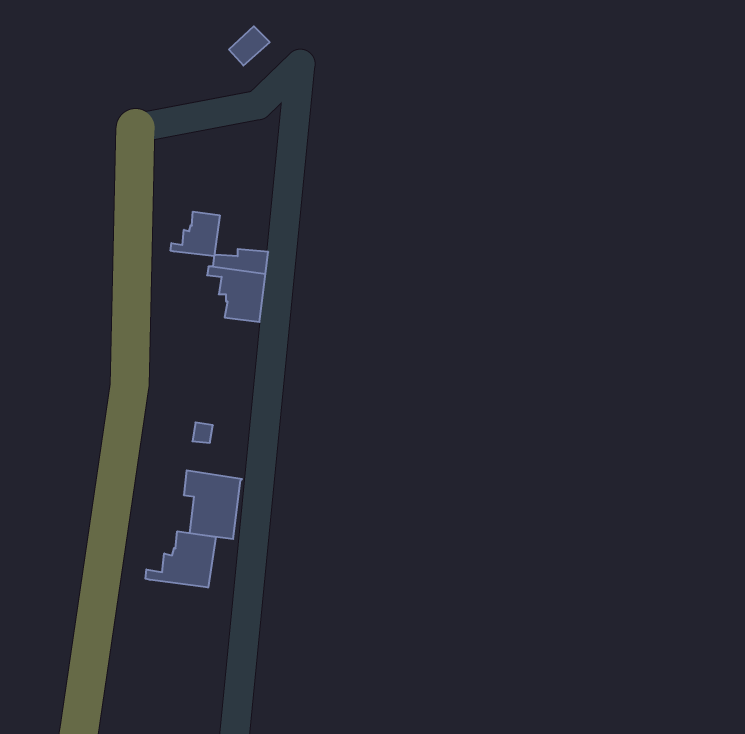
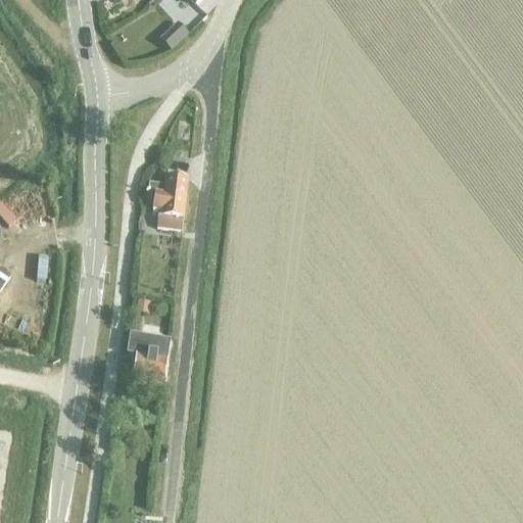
building: [171,212,220,256] -> none
building: [145,531,216,588] -> none

